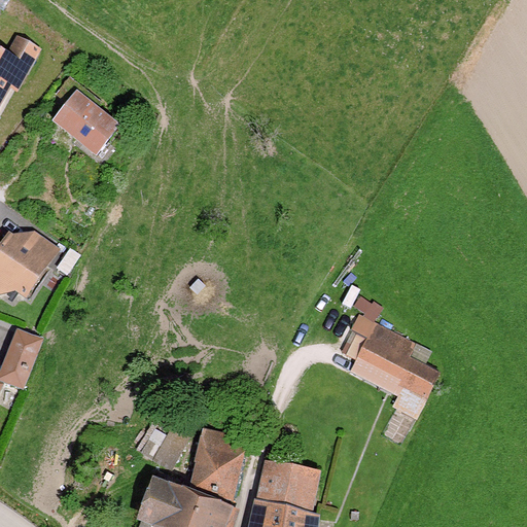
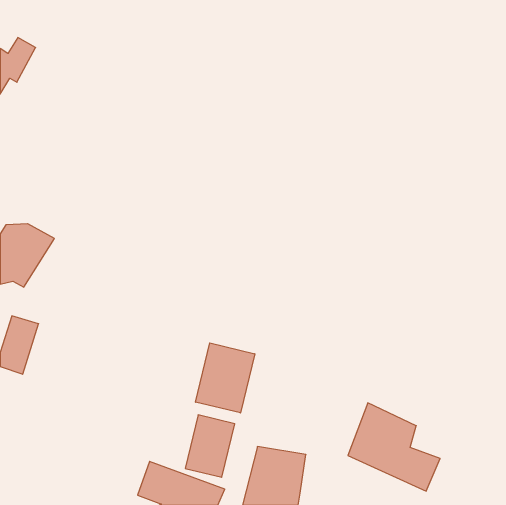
building: [56,93,116,149] -> none
building: [341,307,436,398] -> [348,403,440,491]
building: none -> [196,343,255,413]

